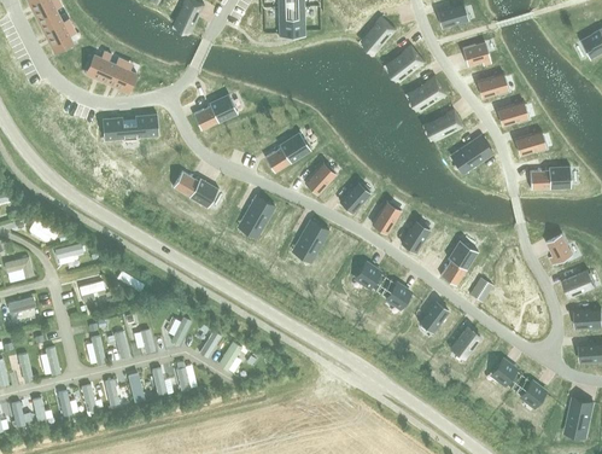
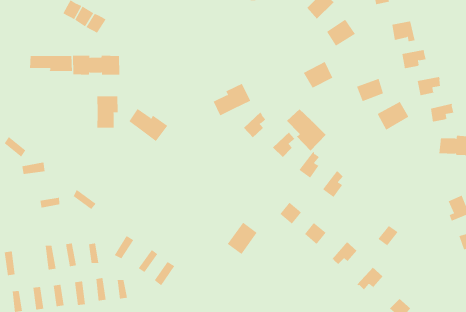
building: [410,76,445,109] -> [303,61,333,89]
building: [193,92,238,129] -> none
building: none -> [30,55,72,72]
building: none -> [286,108,327,152]
building: none -> [97,95,118,129]
building: [240,194,274,231] -> none
building: [294,219,328,256] -> [227,222,258,255]
building: [440,239,478,285] -> none

